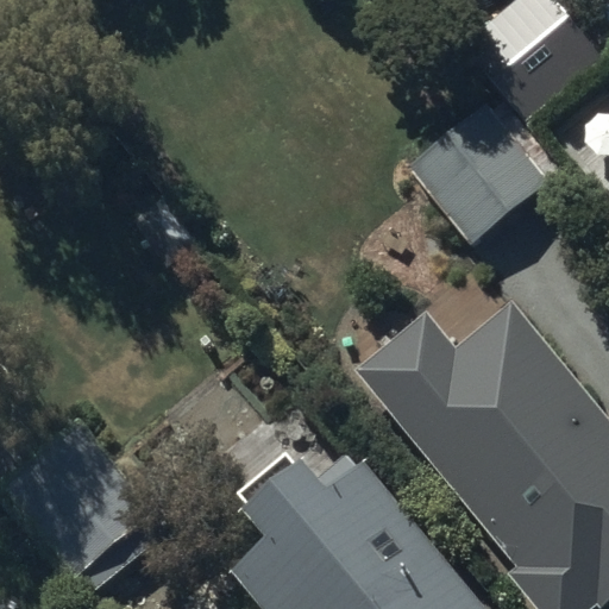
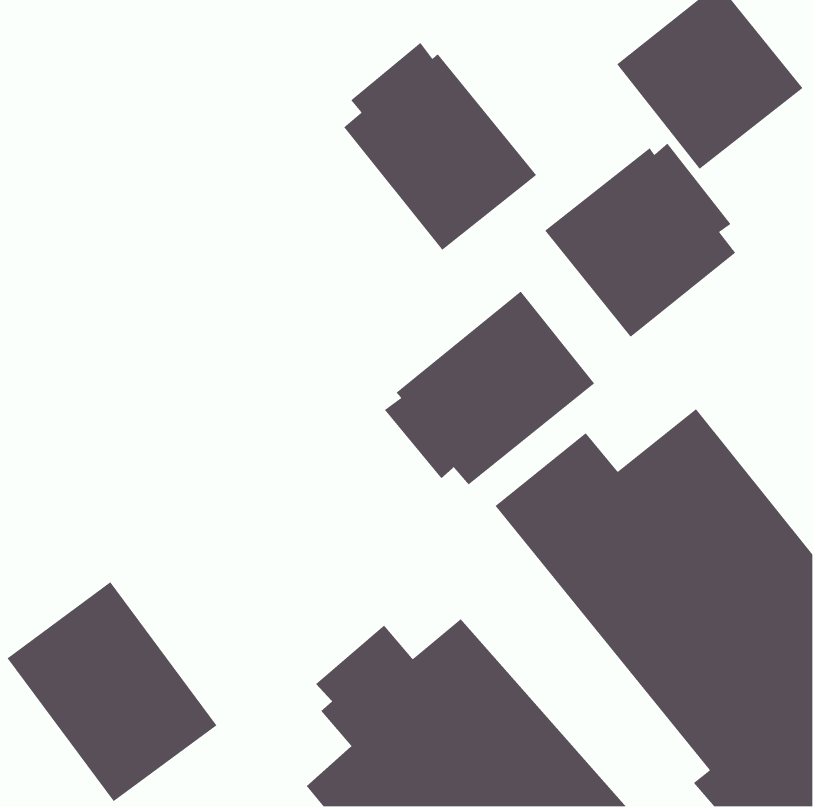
building: none -> [343,42,537,251]
building: none -> [384,291,595,485]

